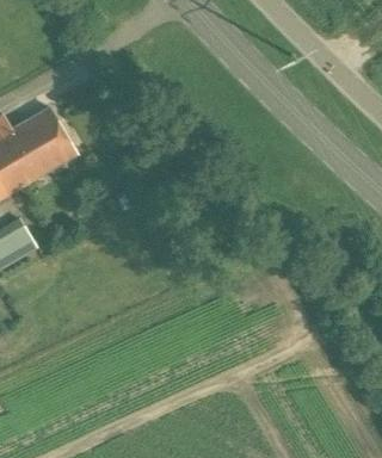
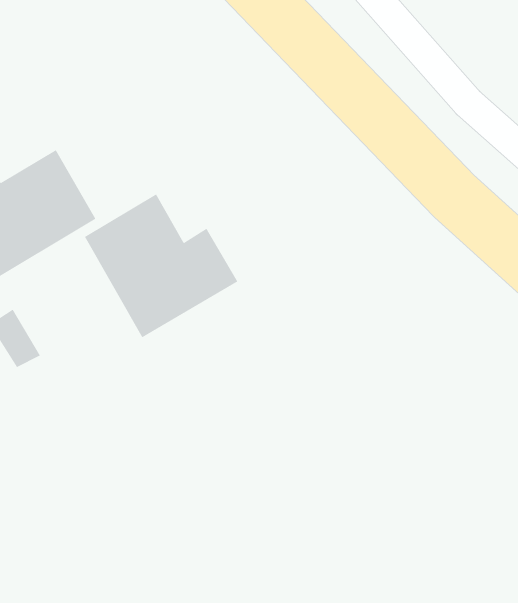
building: none -> [84,194,238,338]

